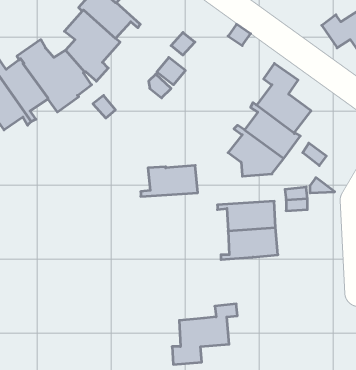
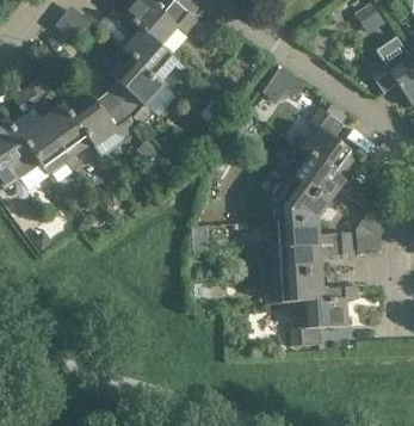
building: [141,165,198,196] -> [262,217,320,248]
building: [172,304,237,364] -> [291,284,357,345]

